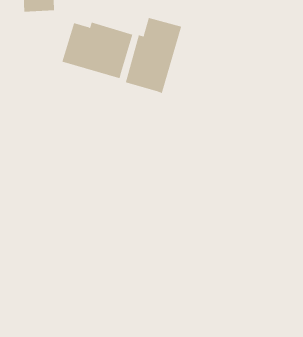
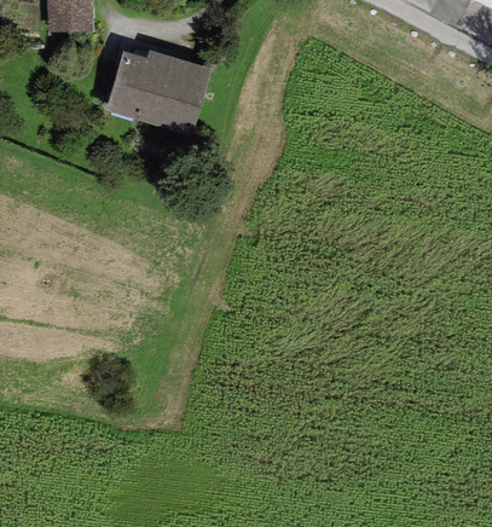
building: [125,17,182,94] -> none

